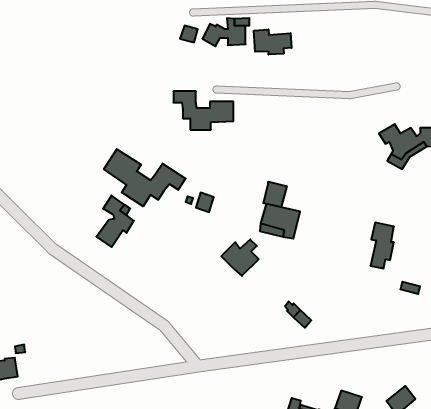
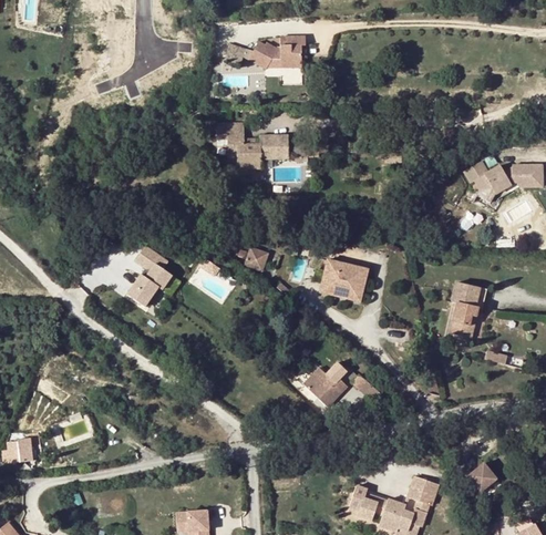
building: [254,29,292,55] -> none
building: [104,149,186,206] -> none
building: [263,182,287,207] -> none
building: [221,239,259,276] -> [303,363,348,407]

